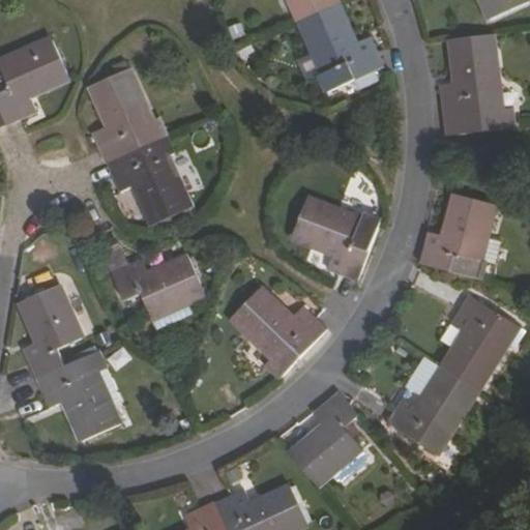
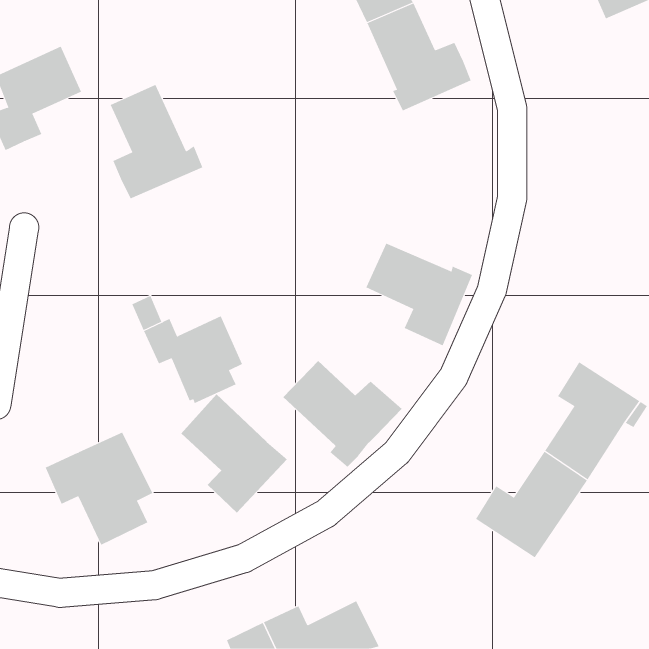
building: [439,33,516,137] -> none
building: [106,136,189,225] -> none
building: [418,188,502,274] -> none
building: [19,286,82,379] -> none
building: none -> [181,394,288,514]
building: [289,389,359,483] -> none

